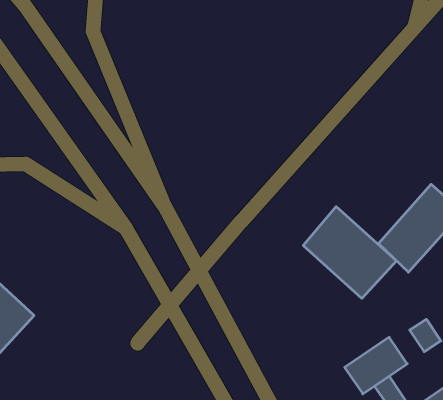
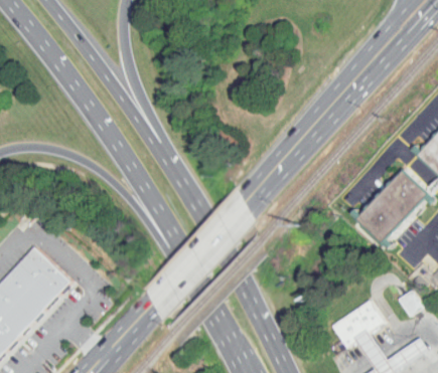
building: [303,207,396,298] -> none

